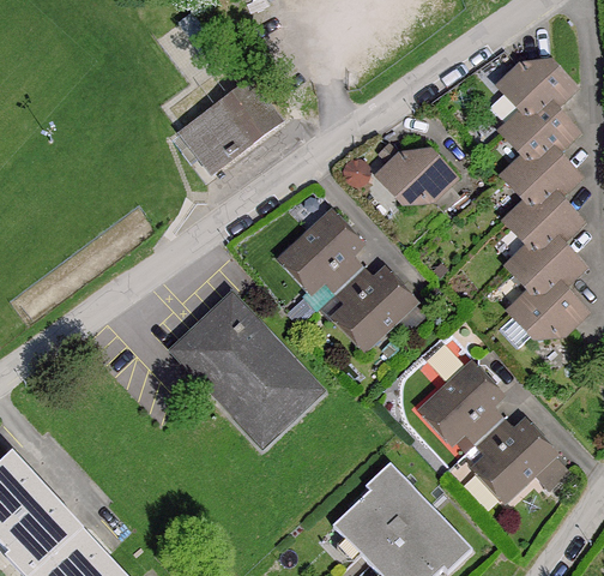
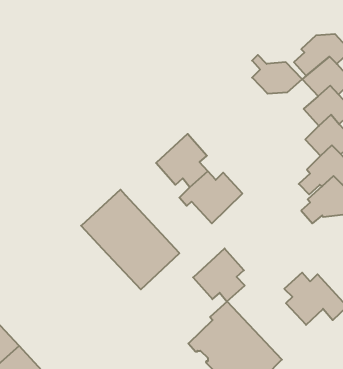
building: [181,82,278,172] -> none
building: [379,143,453,200] -> [252,55,302,94]
building: [424,364,501,443] -> [193,248,245,302]

